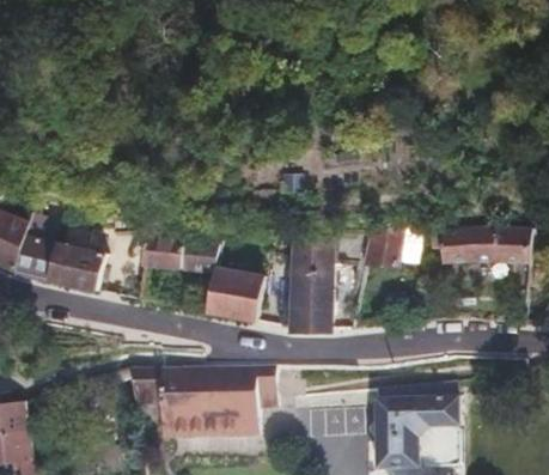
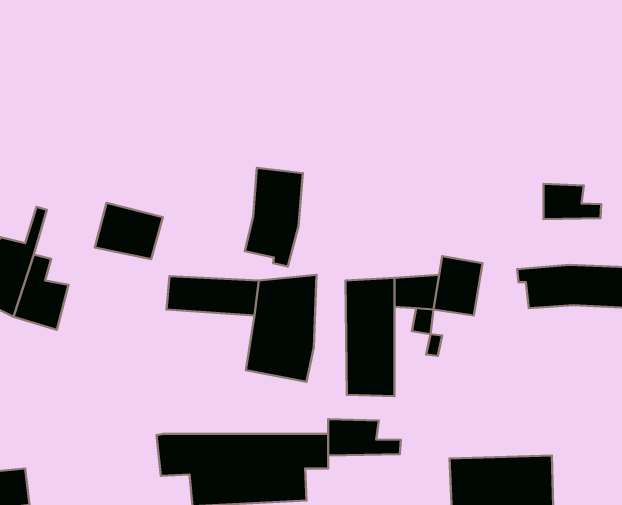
building: none -> [245,168,303,267]
building: none -> [544,184,601,219]
building: [50,248,106,294] -> [95,203,163,259]
building: none -> [328,419,401,456]

